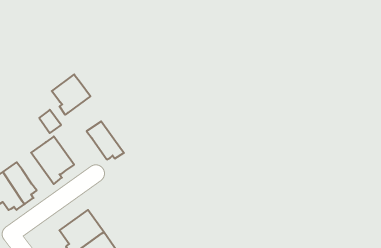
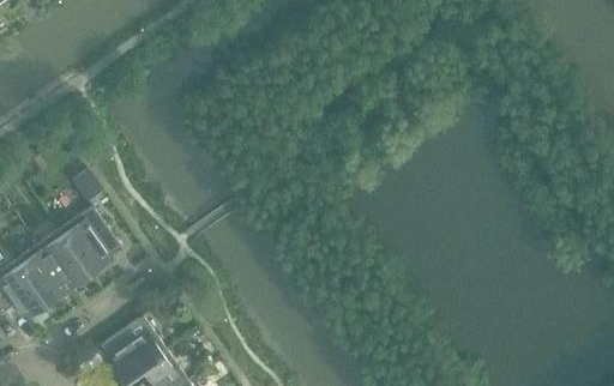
building: [52,74,90,115] -> none
building: [87,121,124,159] -> [36,230,91,287]

